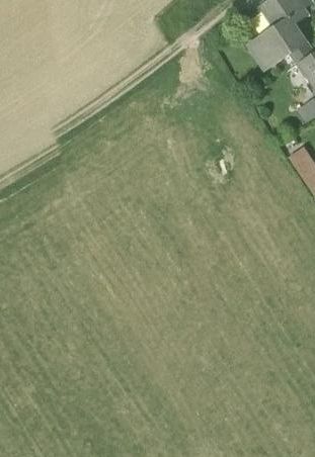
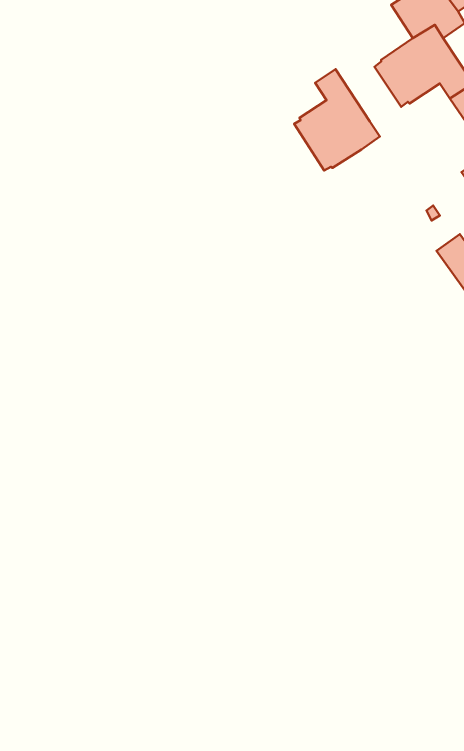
building: none -> [294,69,380,170]

